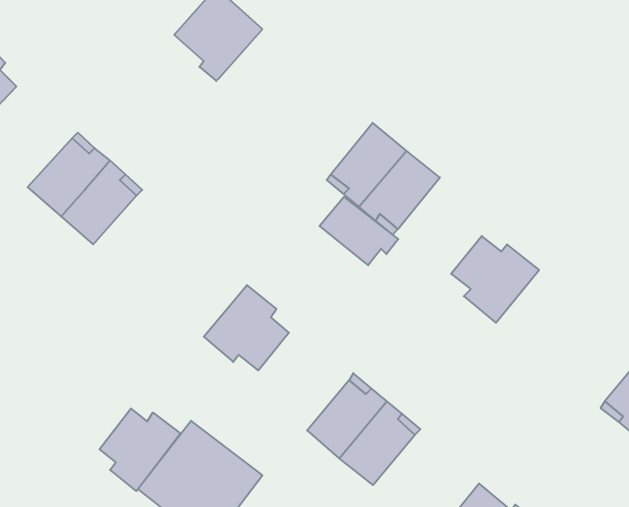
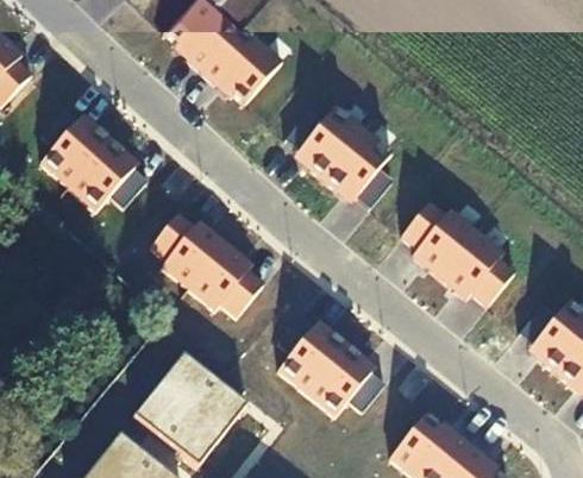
building: none -> [200,29,280,105]
building: [320,197,398,265] -> none
building: none -> [150,215,224,289]
building: none -> [438,233,513,307]
building: [100,408,181,491] -> none

